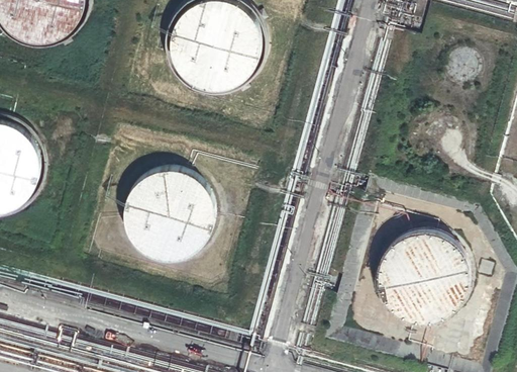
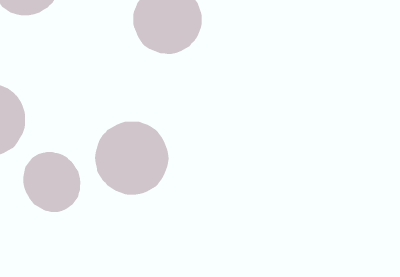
building: none -> [22,151,81,213]
building: [378,230,470,322] -> none

